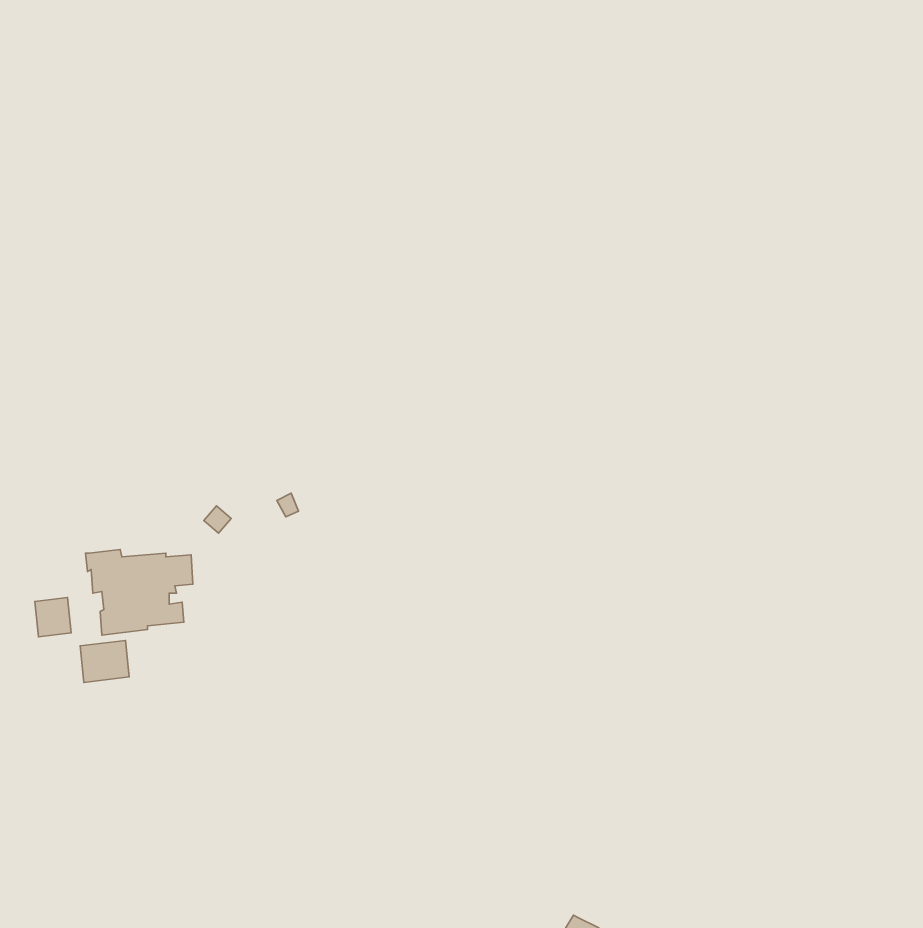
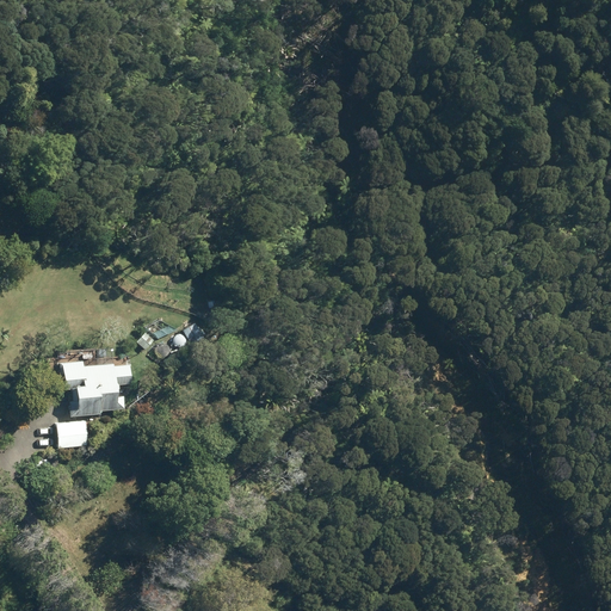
building: [35,597,71,637] -> none

